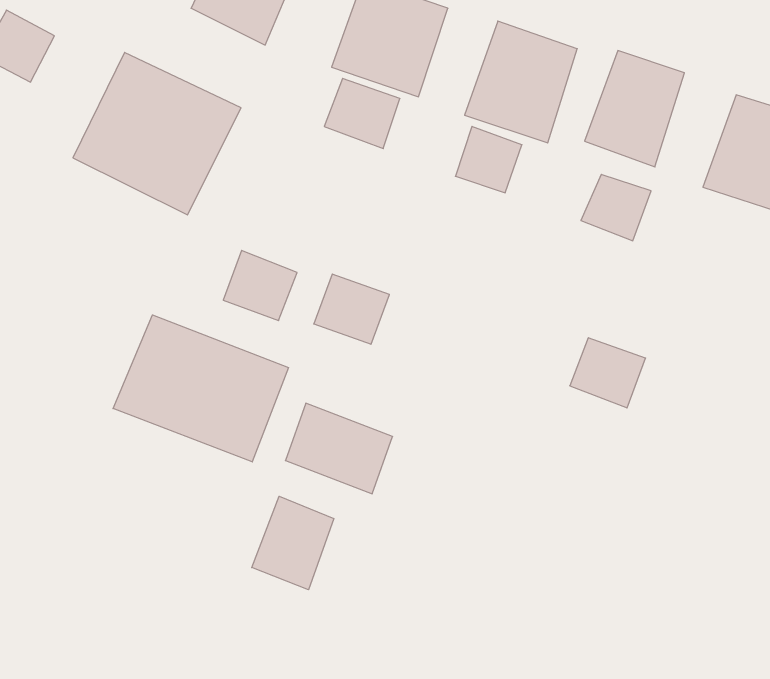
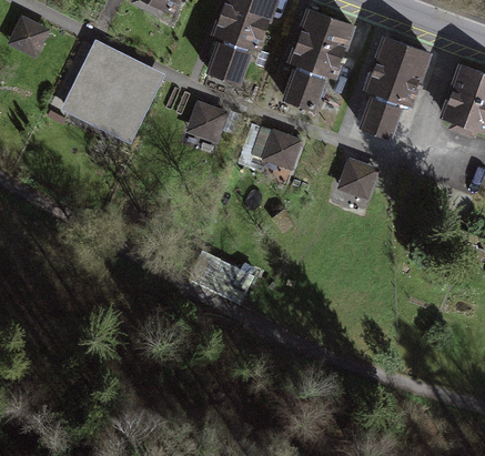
building: [223,250,297,321] -> [183,98,228,140]
building: [314,274,389,344] -> [253,124,299,166]
building: [113,315,288,462] -> none
building: [570,338,646,408] -> [332,154,377,196]
building: [252,496,334,590] -> none

